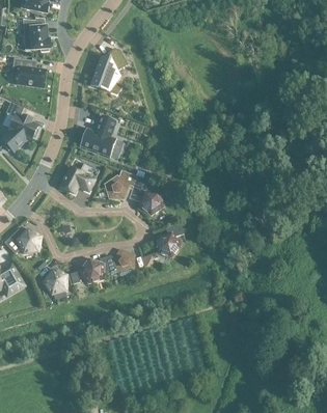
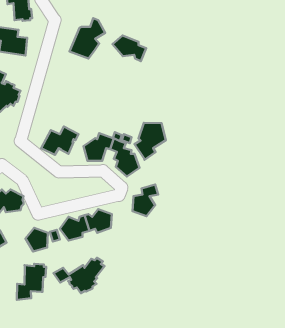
building: none -> [113,35,146,61]
building: [79,114,115,156] -> none
building: none -> [134,123,166,160]
building: none -> [54,258,105,293]
building: none -> [17,264,46,300]

